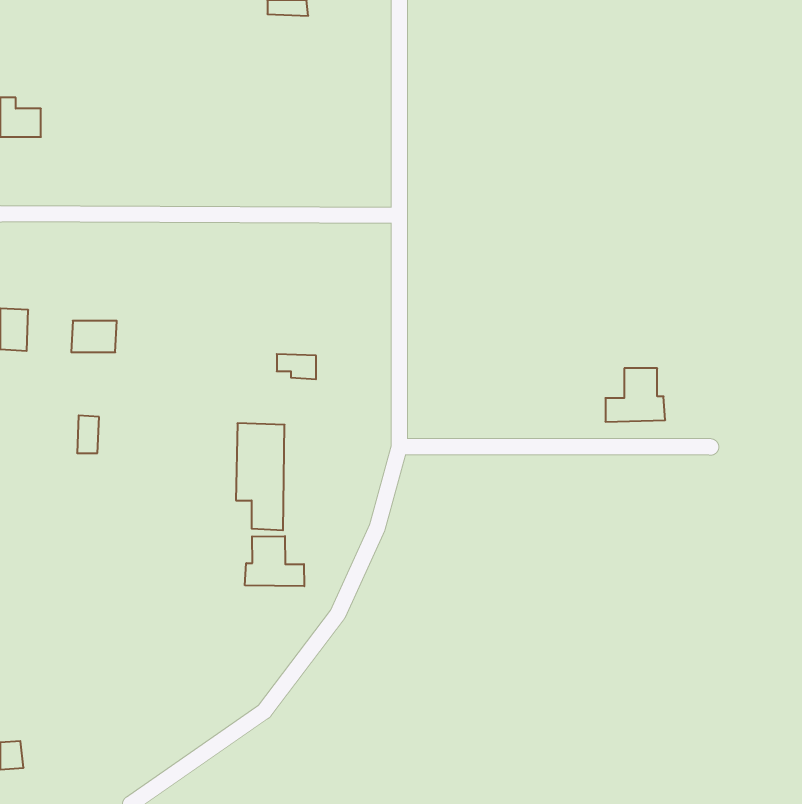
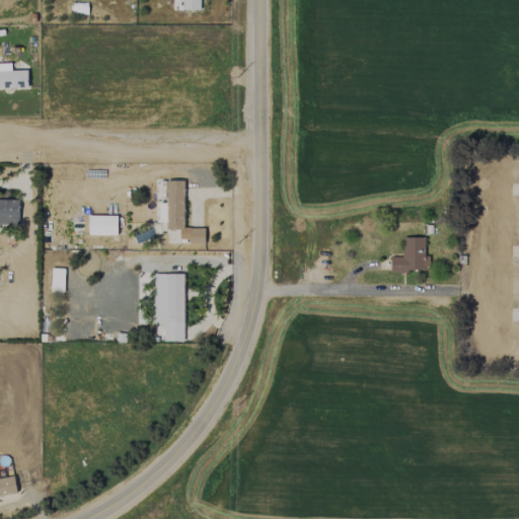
building: none -> [166,180,184,229]
building: [71,321,117,352] -> [88,215,118,235]
building: [245,536,304,586] -> none

